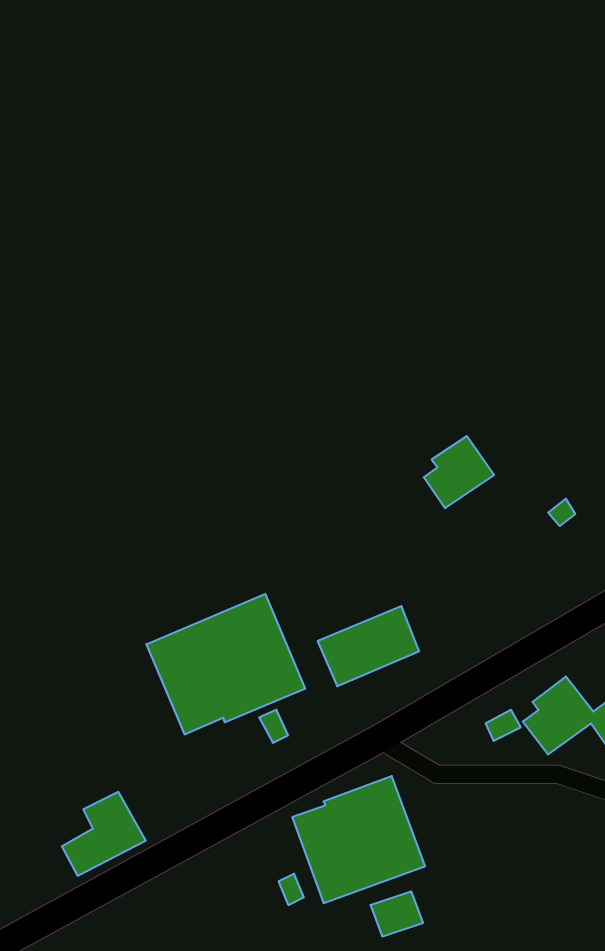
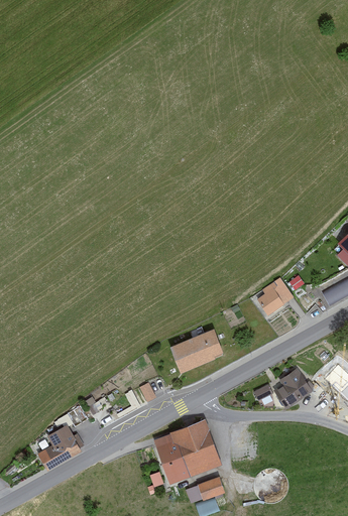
building: [424,436,494,508] -> [256,278,293,315]
building: [146,594,305,735] -> none

